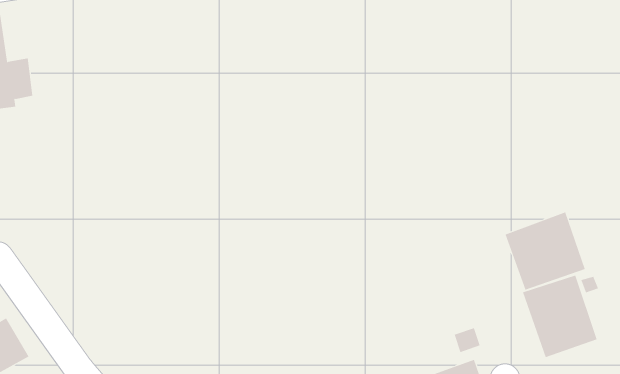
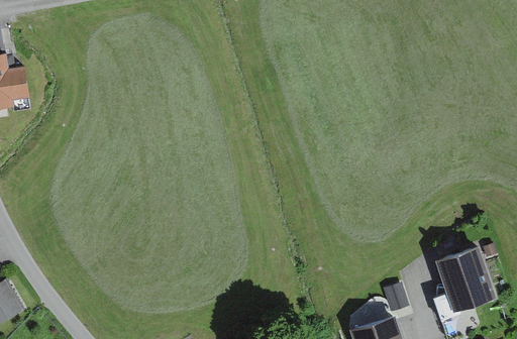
building: [505,212,586,291] -> none

